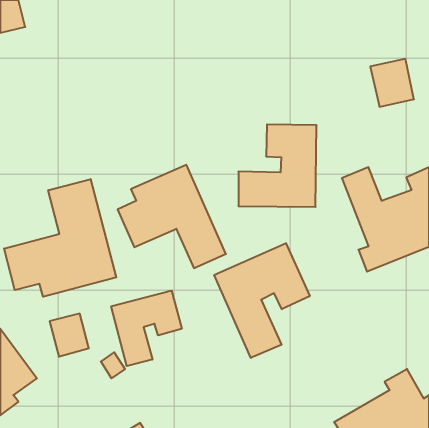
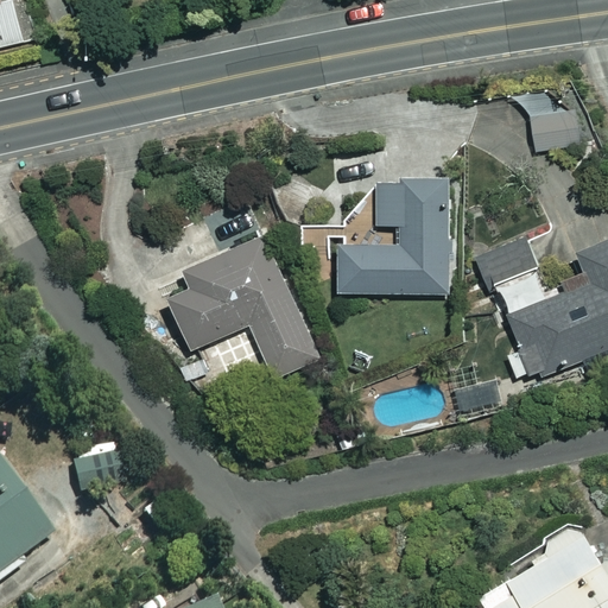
building: [4,179,116,297] -> none
building: [214,243,310,358] -> none
building: [111,291,182,366] -> none

